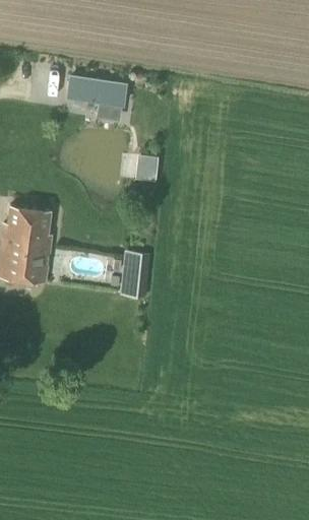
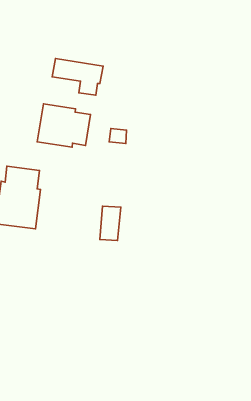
building: none -> [37,104,90,147]

